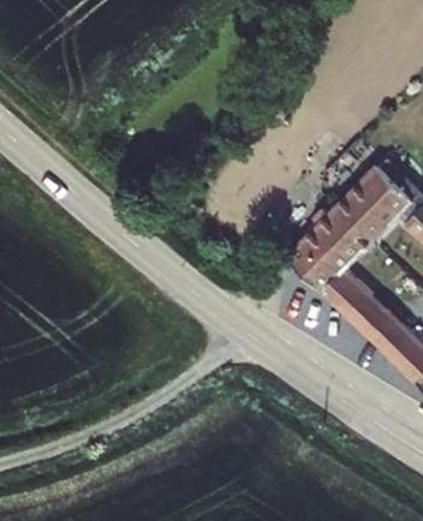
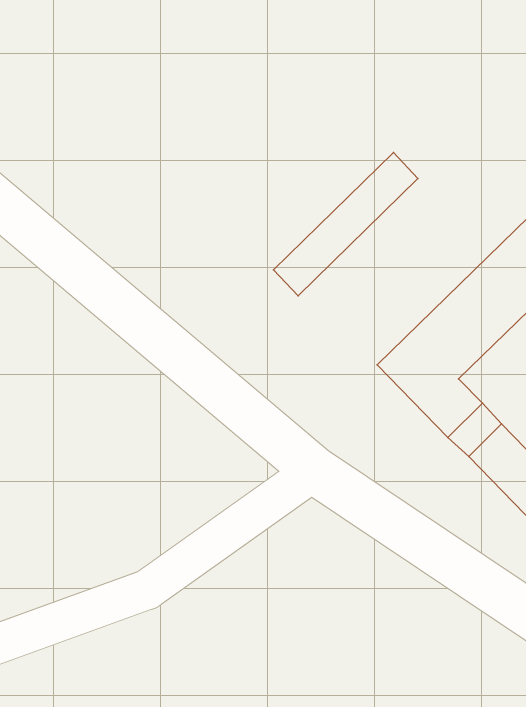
building: none -> [273,153,418,296]

